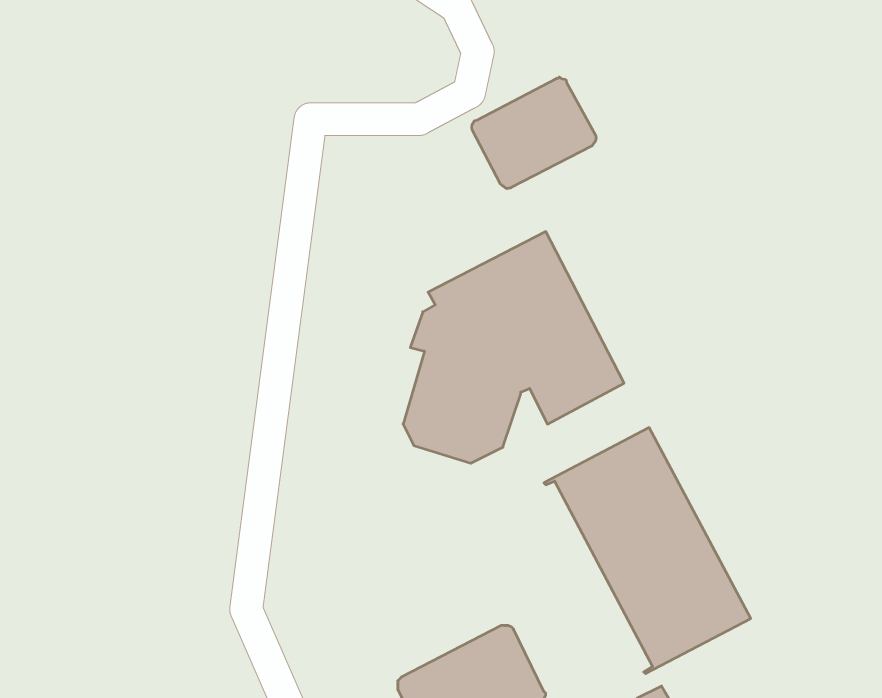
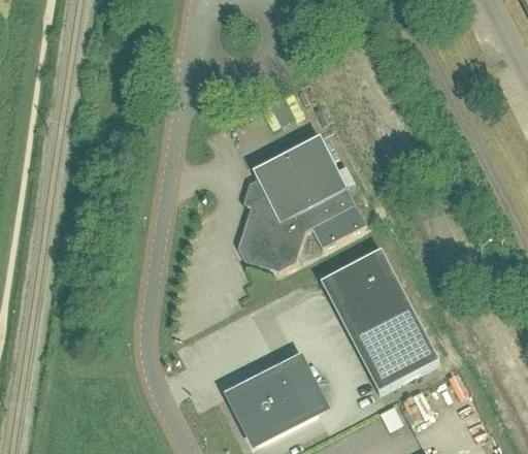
building: [472,77,596,189] -> none

